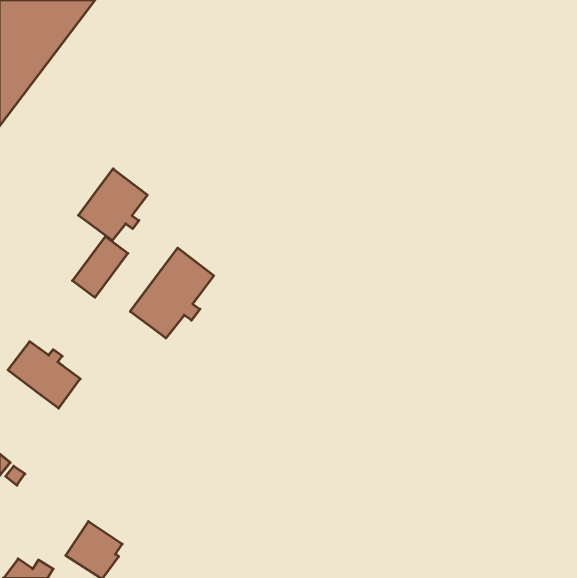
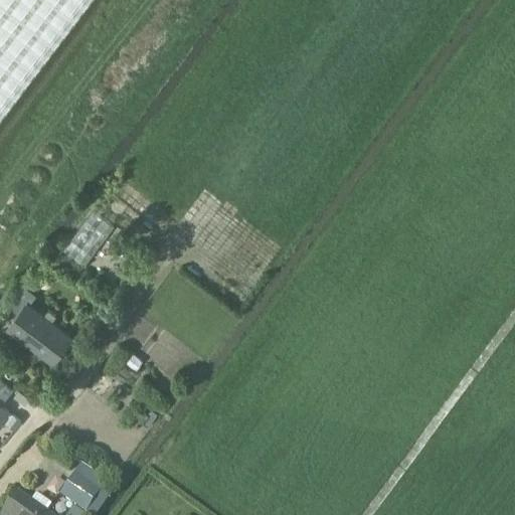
building: [78,169,147,240] -> none
building: [130,248,214,338] -> none

